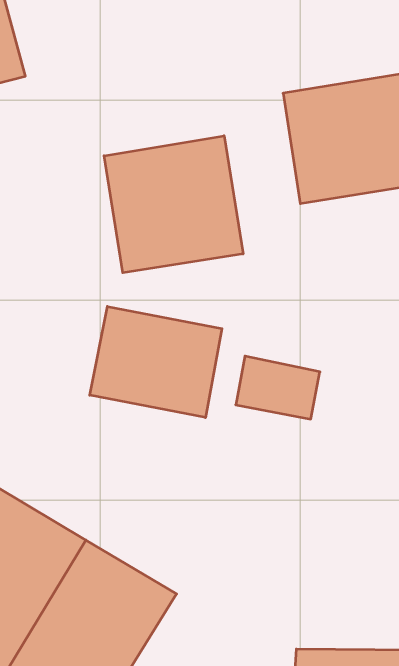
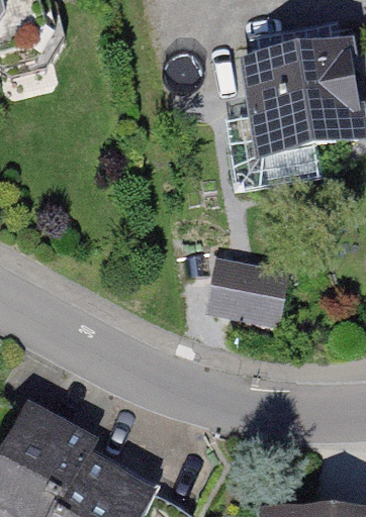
building: [104,136,243,273] -> none
building: [90,306,222,418] -> none

